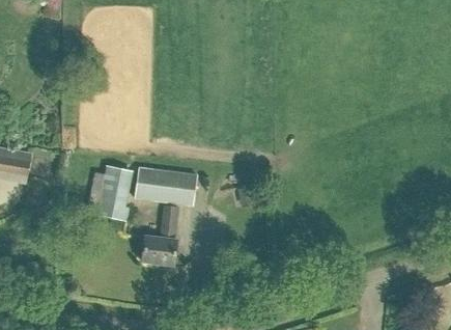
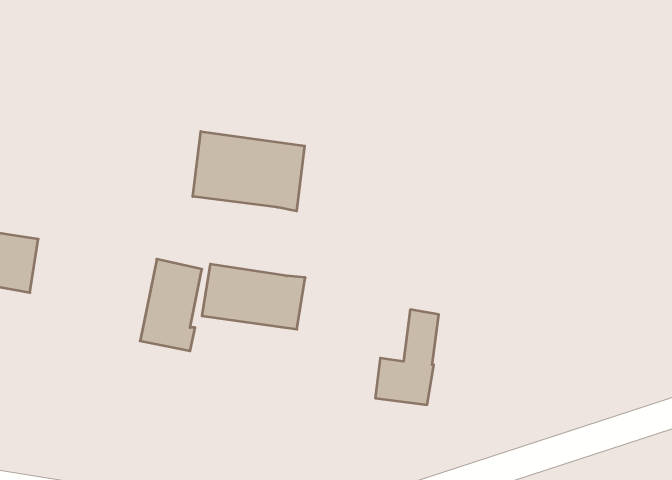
building: none -> [193,131,305,211]
building: [141,205,180,265] -> [375,310,439,405]

